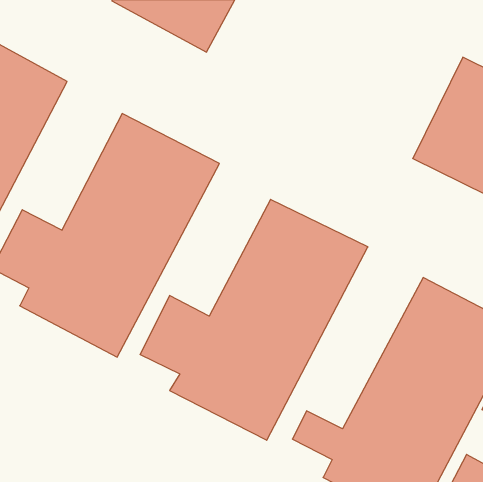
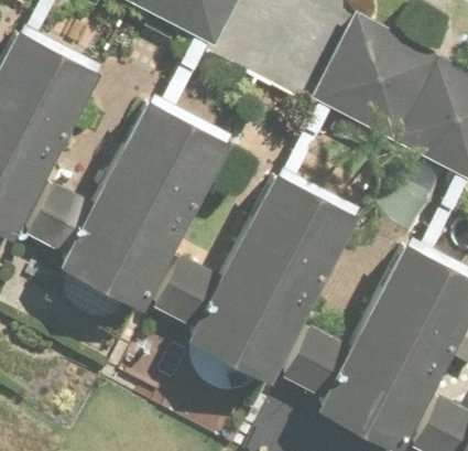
building: none -> [316,14,438,142]

